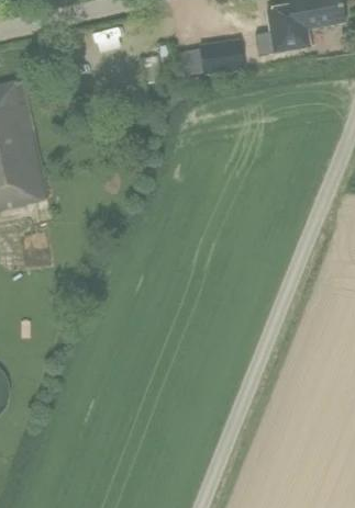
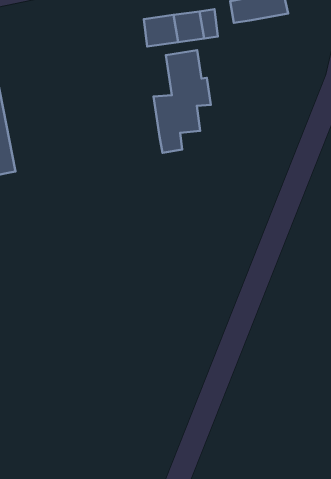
building: none -> [154,50,211,153]

